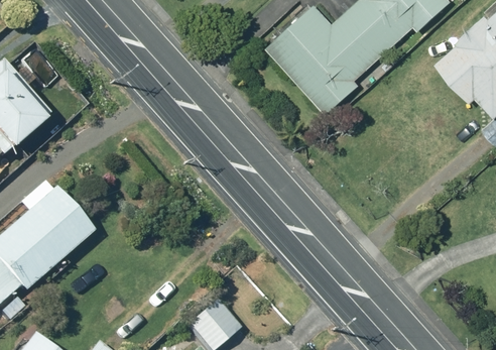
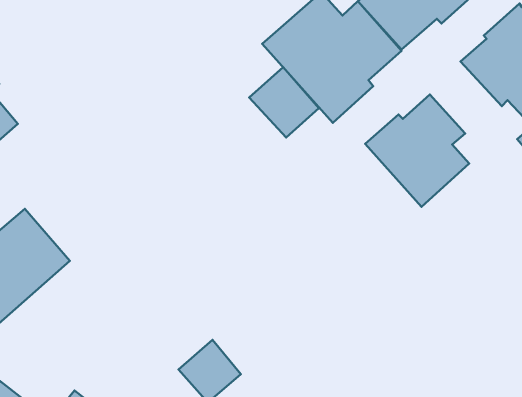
building: none -> [249,67,319,137]
building: none -> [365,95,469,207]

